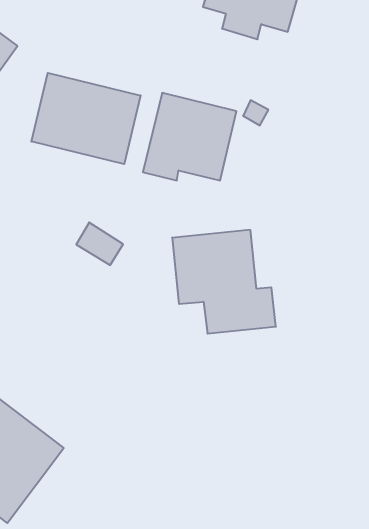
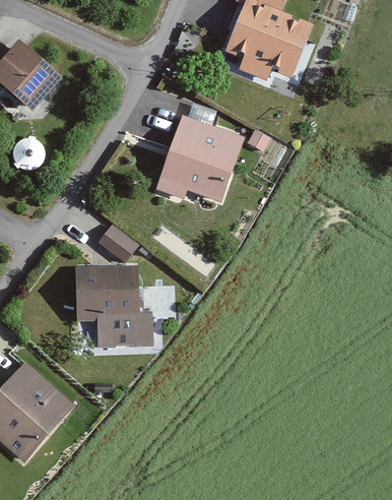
building: [31,73,141,164] -> none
building: [172,230,276,334] -> [76,263,155,346]

